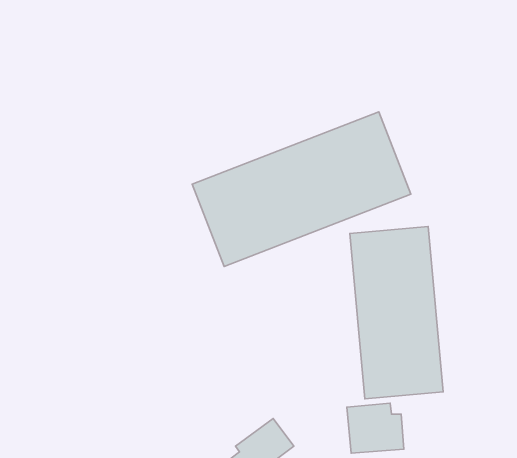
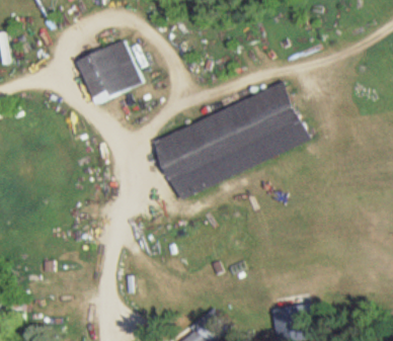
building: none -> [71,41,138,107]
building: [350,227,443,399] -> none

